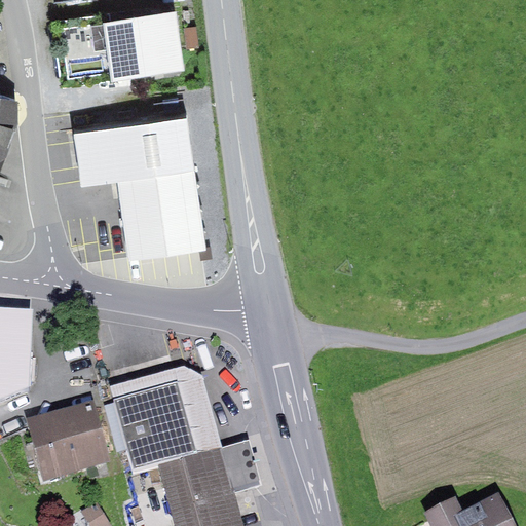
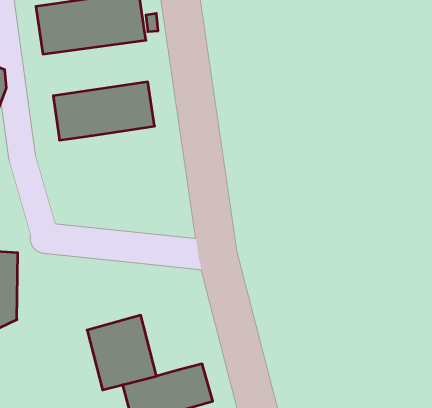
building: [117,165,204,258] -> none
building: [110,375,222,461] -> none
building: [26,409,110,487] -> none

